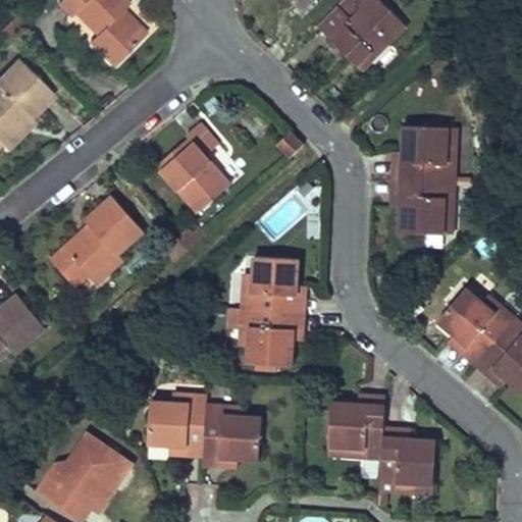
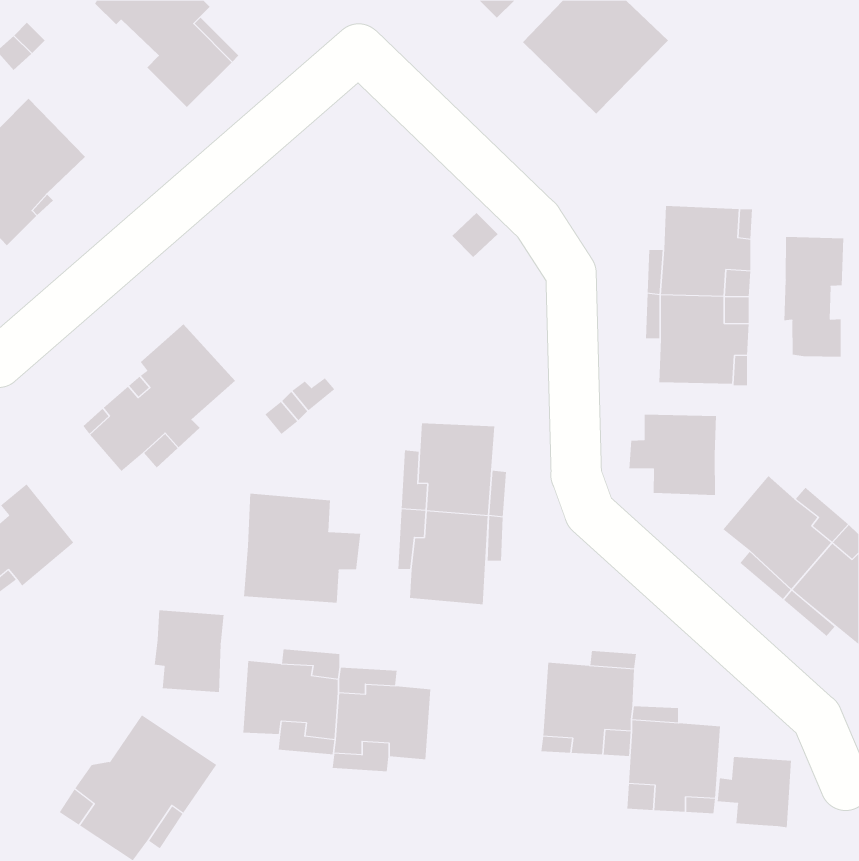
building: [155,122,229,212] -> none
building: none -> [784,236,844,358]
building: none -> [629,414,717,496]
building: none -> [243,493,361,604]
building: none -> [154,609,224,693]
building: none -> [717,756,792,828]

